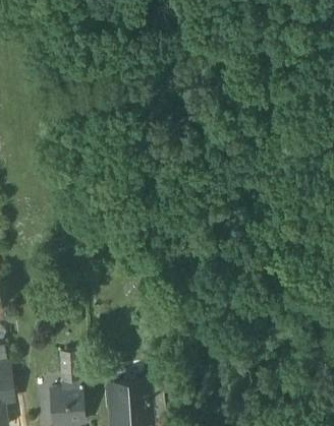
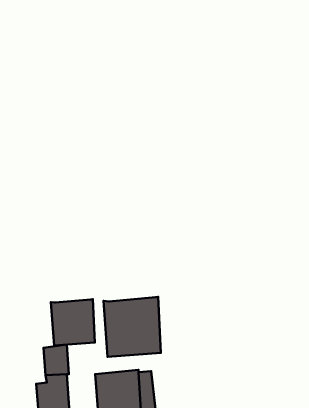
building: none -> [103,297,161,357]
building: none -> [51,299,95,346]

